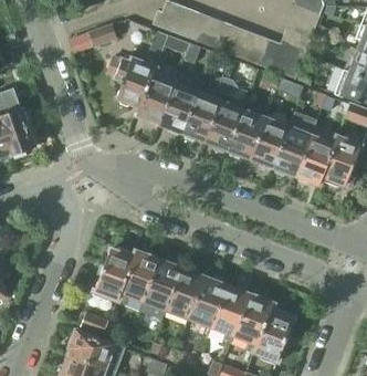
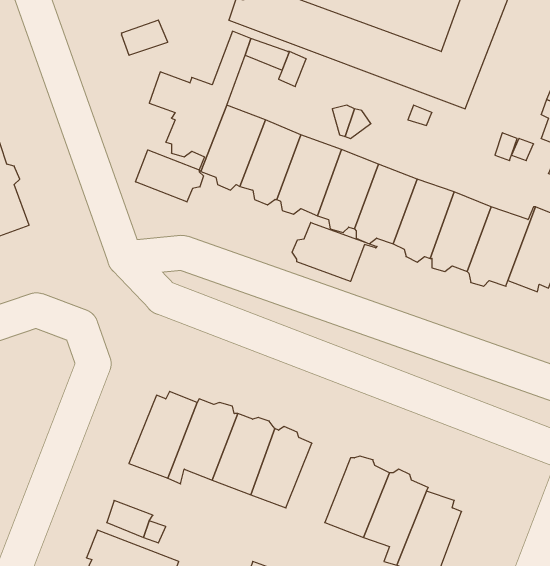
building: none -> [136,150,204,202]
building: none -> [292,222,377,281]
building: [188,278,227,325] -> none

